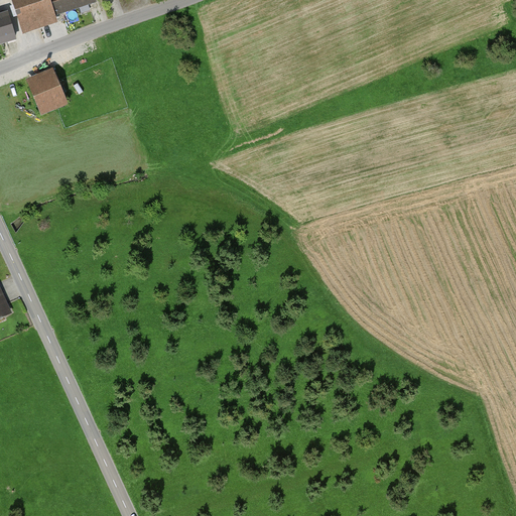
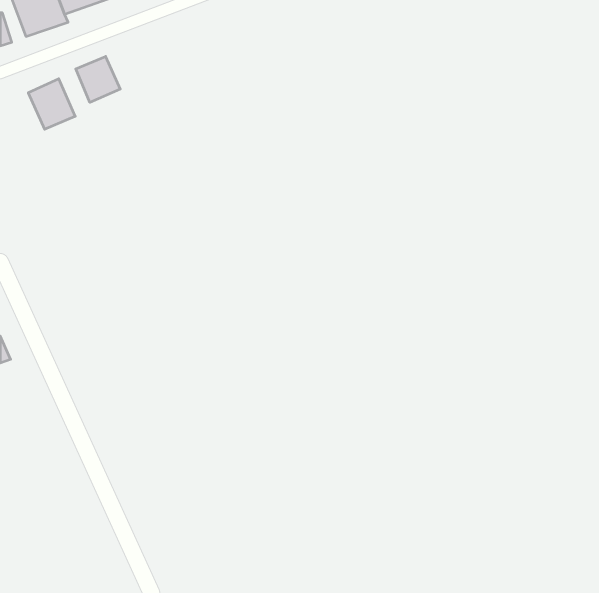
building: none -> [76,56,120,102]

